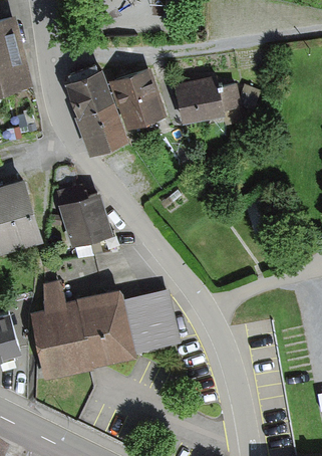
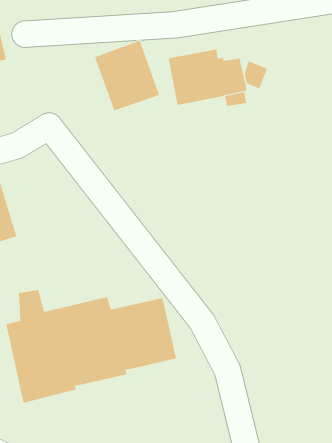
building: [62,68,128,154] -> none
building: [56,192,118,256] -> none

